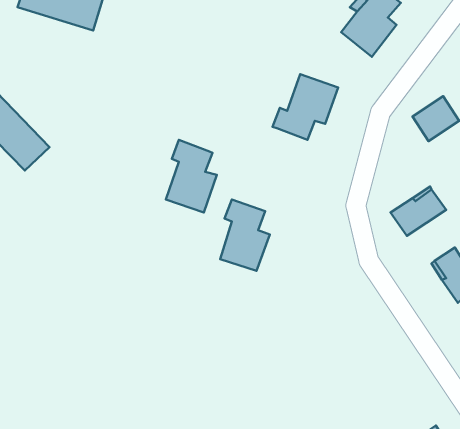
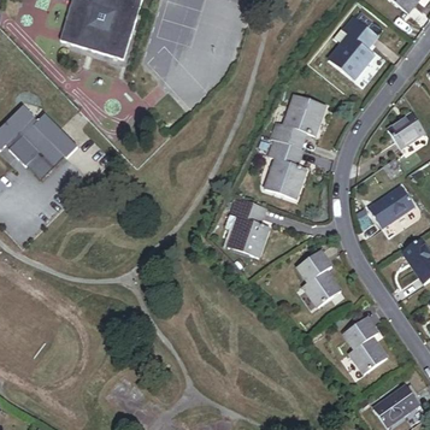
building: [166,140,217,213] -> [264,139,306,199]
building: none -> [296,249,340,307]
building: none -> [343,317,387,373]

